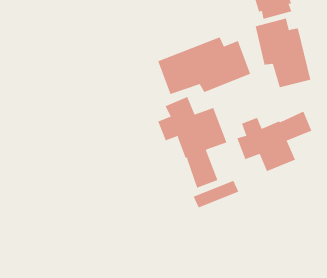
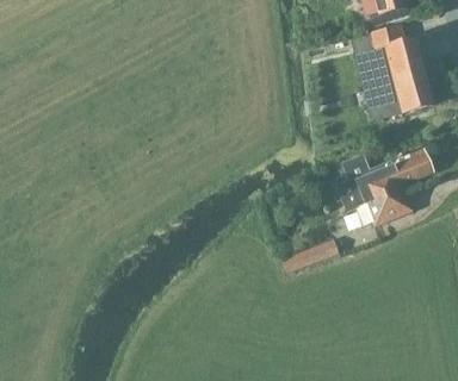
building: [157,36,251,95] -> none
building: [158,96,227,189] -> none

